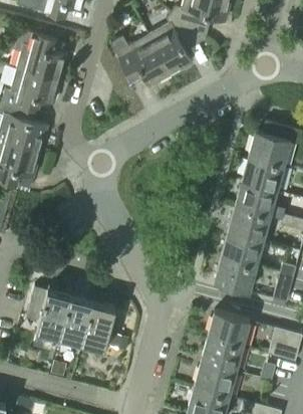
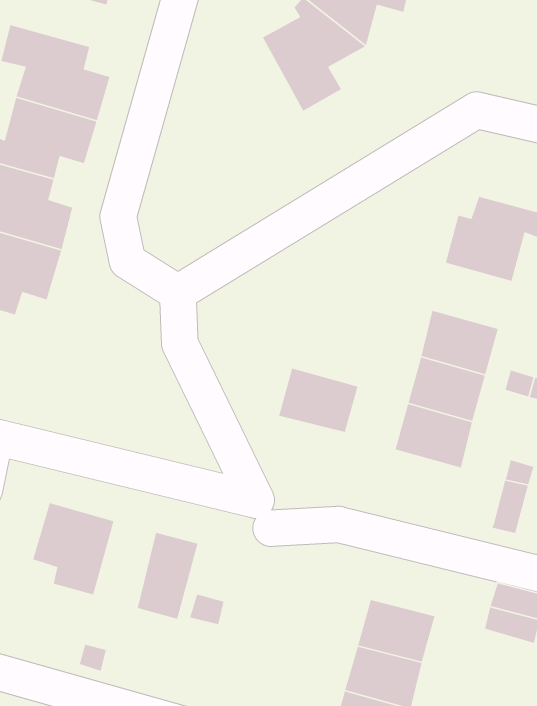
building: [111,36,172,88] -> none
building: [241,158,284,193] -> none
building: [214,258,257,293] -> [278,368,359,433]
building: [59,296,92,344] -> none
building: [208,313,250,348] -> none

